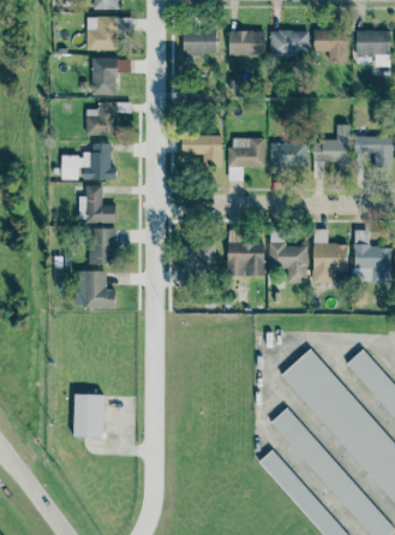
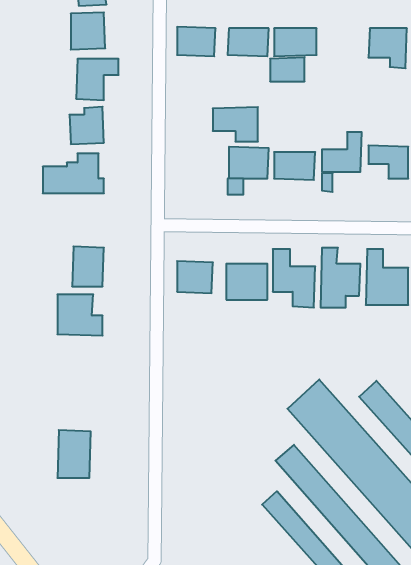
building: [315,30,346,52] -> [270,57,305,81]
building: [181,136,222,167] -> [213,107,258,142]
building: [79,185,116,224] -> none

